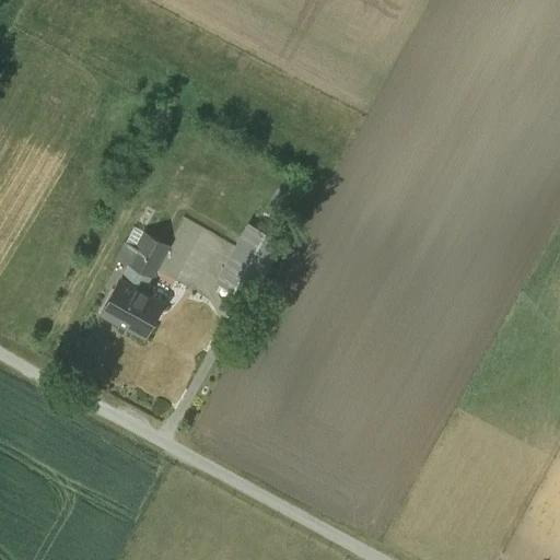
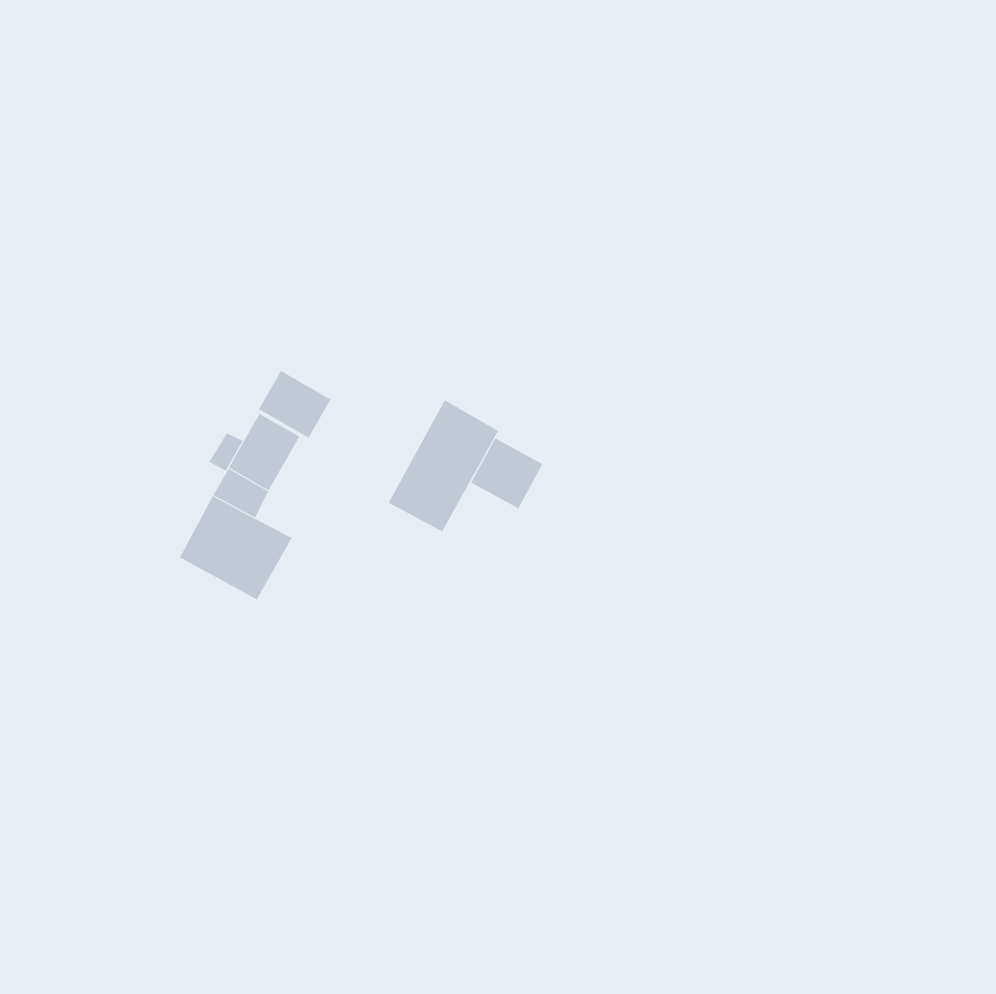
building: none -> [258,370,331,438]
building: none -> [470,437,543,509]

